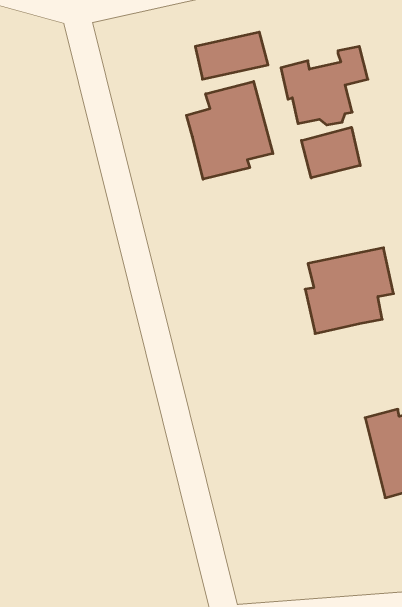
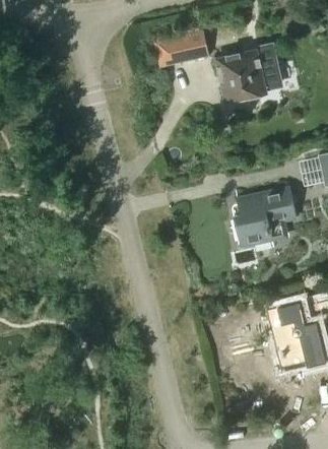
building: [186,81,273,179] -> none
building: [301,127,360,178] -> none

